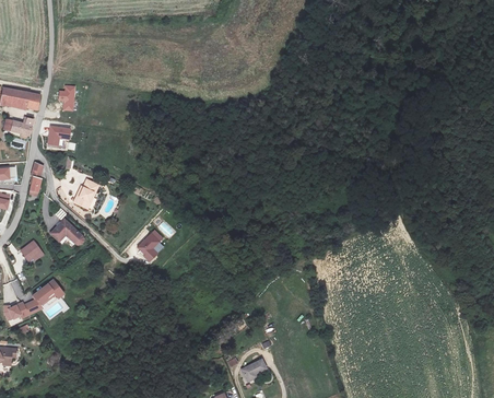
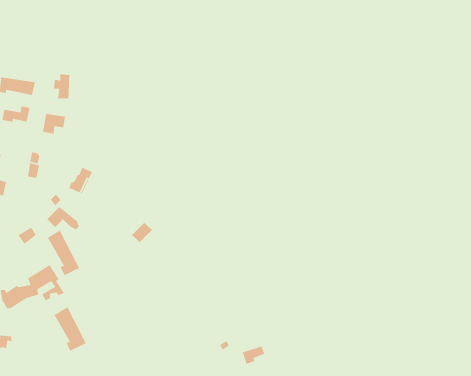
building: none -> [47,229,80,276]
building: none -> [54,306,87,352]

